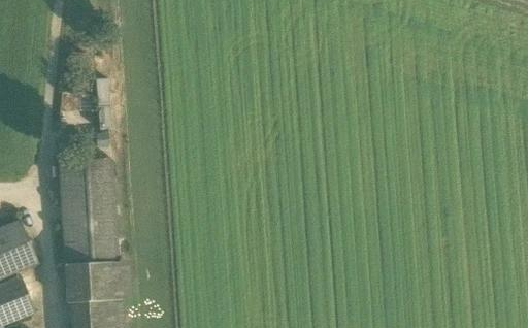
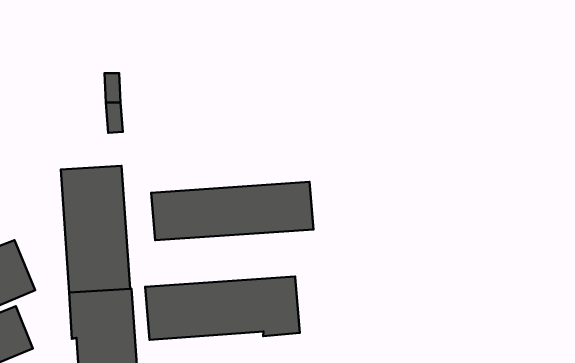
building: none -> [151,182,314,240]
building: none -> [145,276,300,340]

